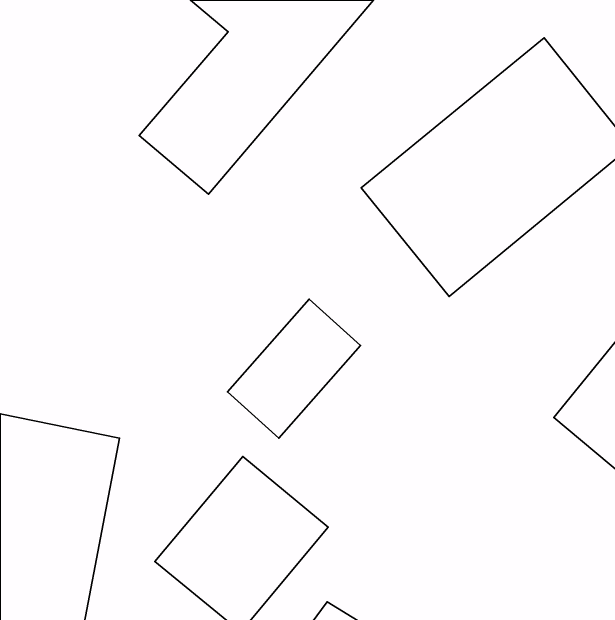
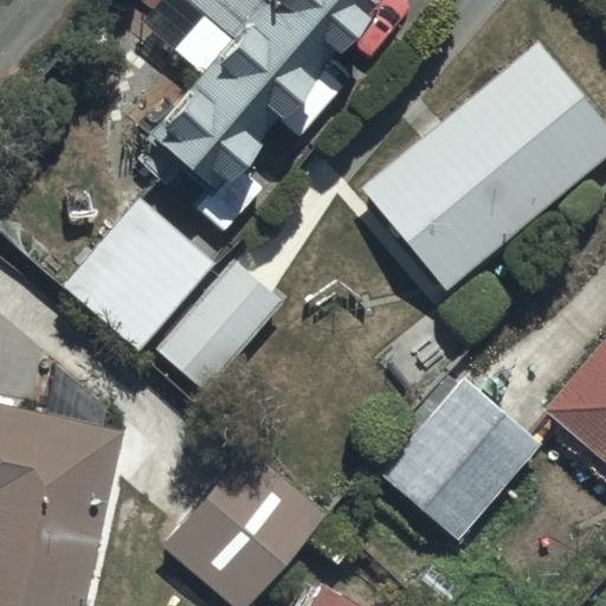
building: none -> [62,198,214,352]
building: [228,299,361,438] -> [155,258,284,393]
building: none -> [381,376,541,540]

